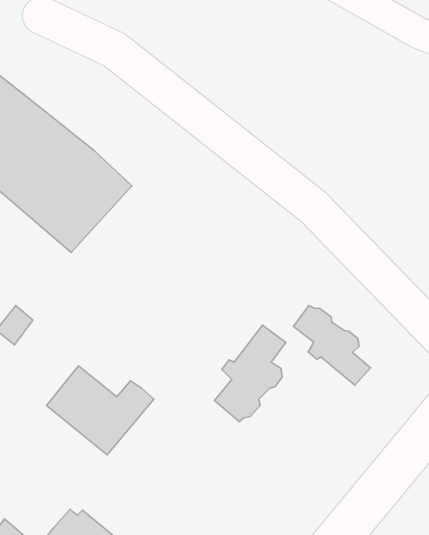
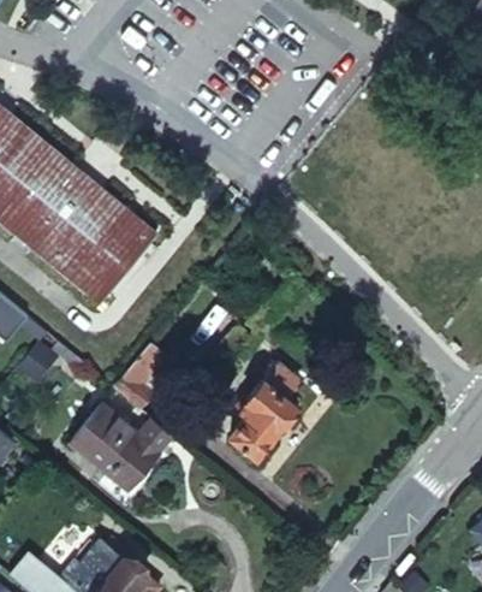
building: none -> [115,344,167,412]
building: [294,306,370,385] -> none

